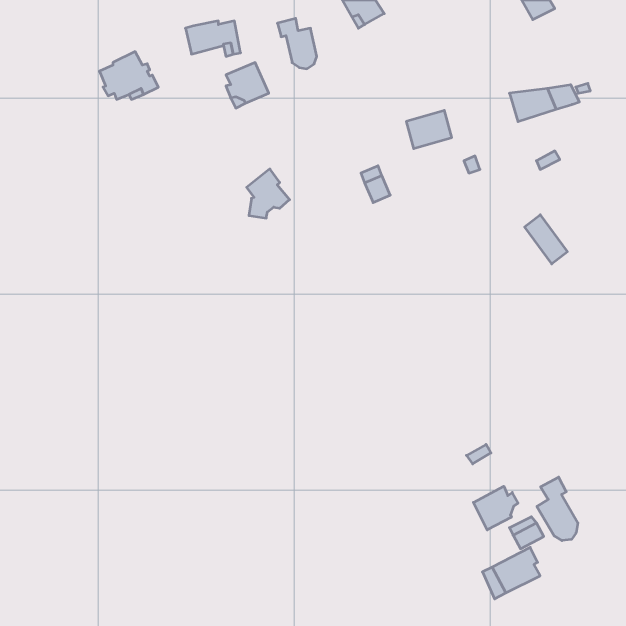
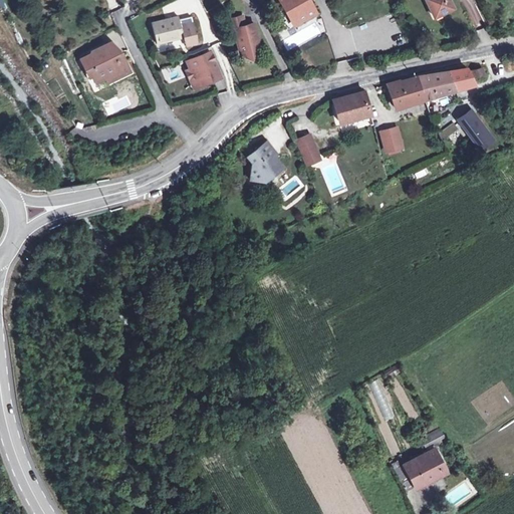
building: none -> [388,77,425,109]
building: [247,169,290,218] -> [248,142,283,182]
building: [525,215,567,264] -> [461,110,496,151]
building: [537,477,578,541] -> none
building: [473,486,518,530] -> none

